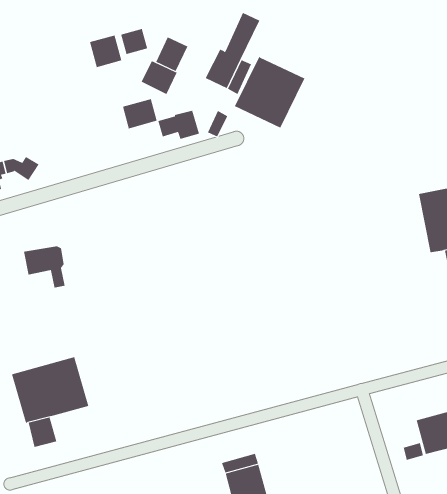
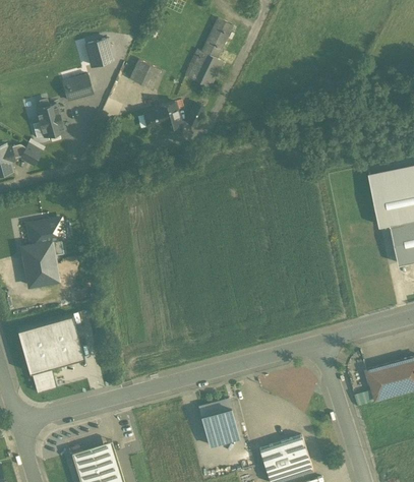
building: [120,28,148,55] -> none
building: [156,37,188,72] -> none
building: [234,56,305,129] -> none
building: [122,98,158,129] -> [61,74,92,101]
building: none -> [36,104,62,141]
building: none -> [20,241,57,287]

